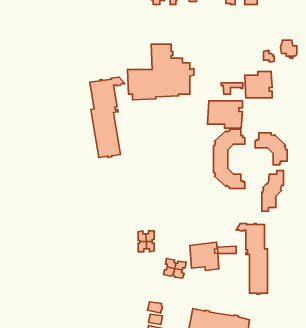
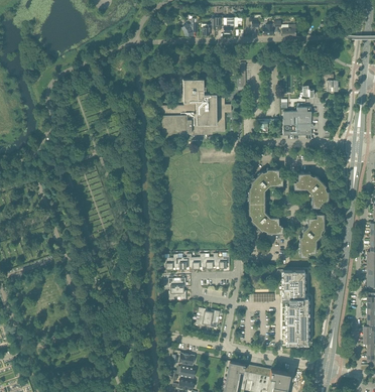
building: [90,77,125,158] -> none
building: [208,101,242,128] -> none
building: [190,242,219,271] -> none

